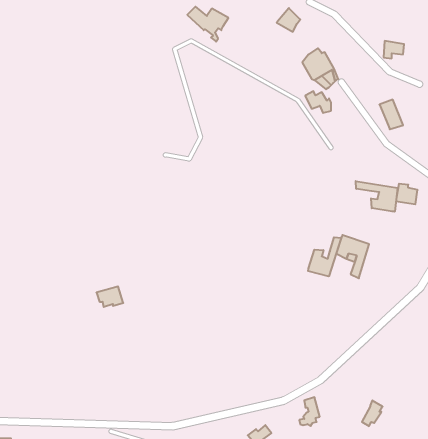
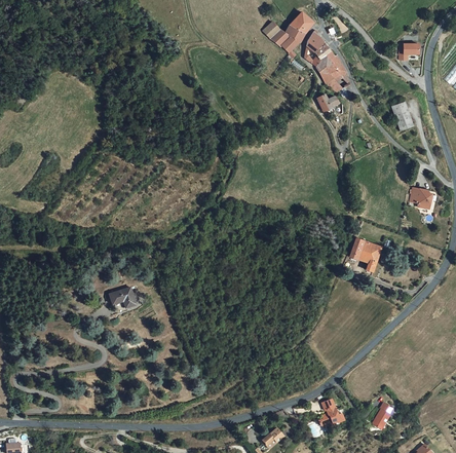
building: [187,7,228,42] -> [264,23,305,58]
building: none -> [305,32,330,65]
building: [356,181,397,212] -> none
building: [308,237,341,276] -> none

